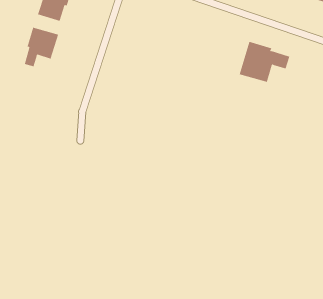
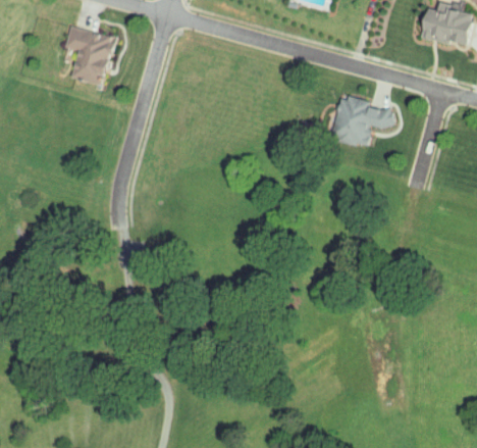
building: [24,27,59,67] -> none

